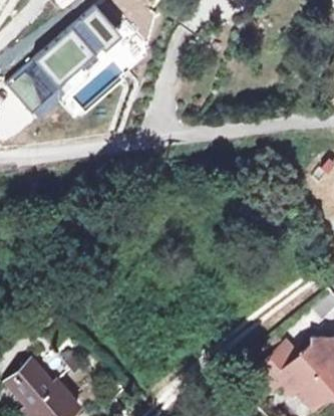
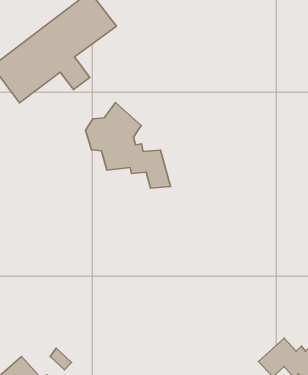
building: none -> [85,103,171,188]

